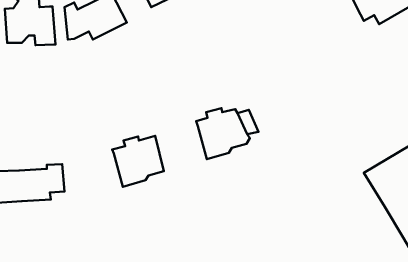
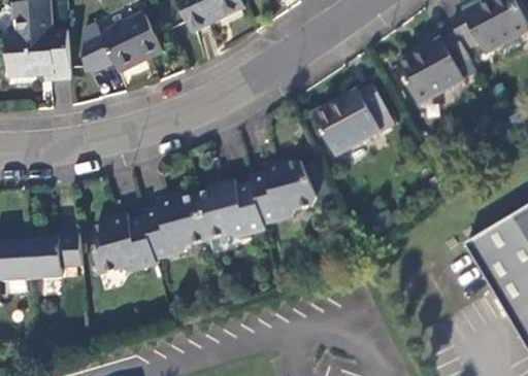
building: none -> [396,32,471,104]
building: none -> [312,84,388,156]
building: none -> [198,178,265,254]
building: none -> [96,213,158,274]

